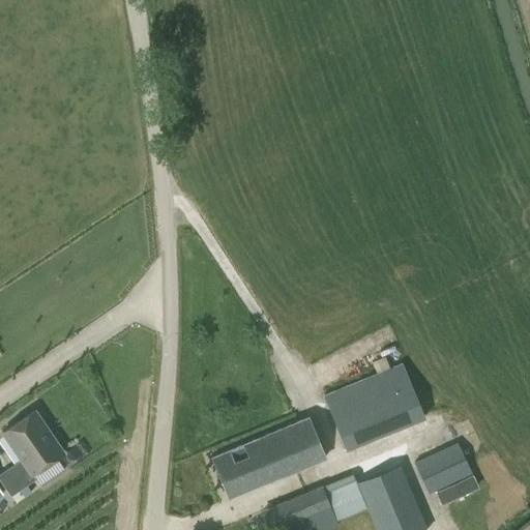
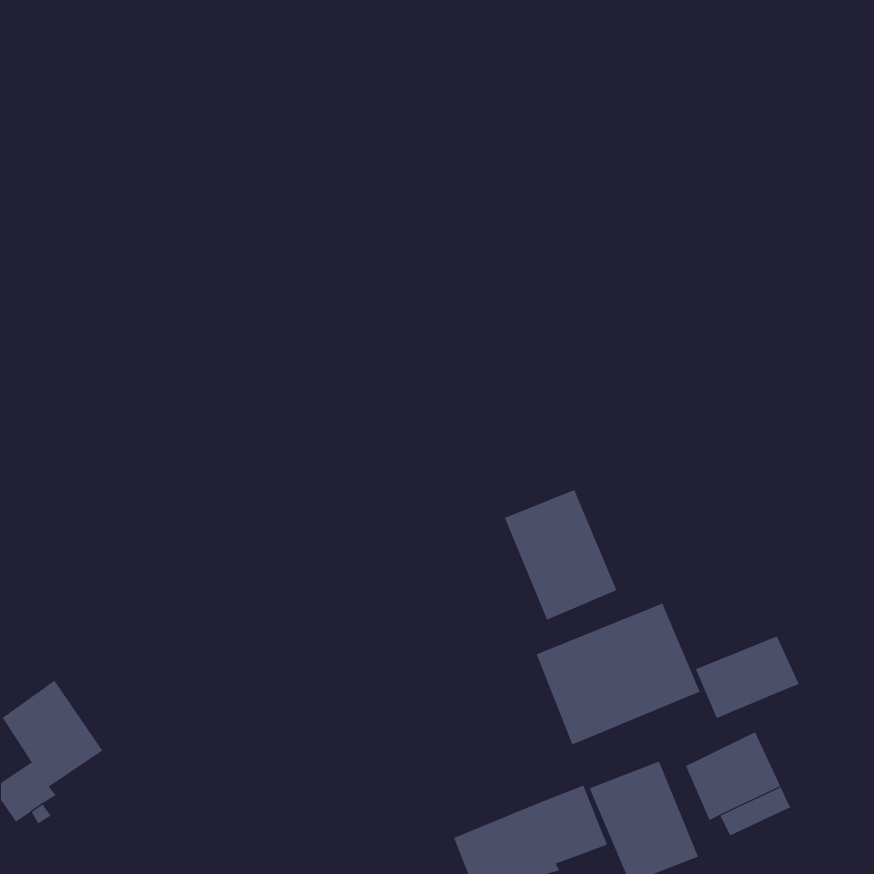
building: none -> [504,489,617,621]
building: none -> [695,636,800,719]
building: [212,419,325,499] -> none

